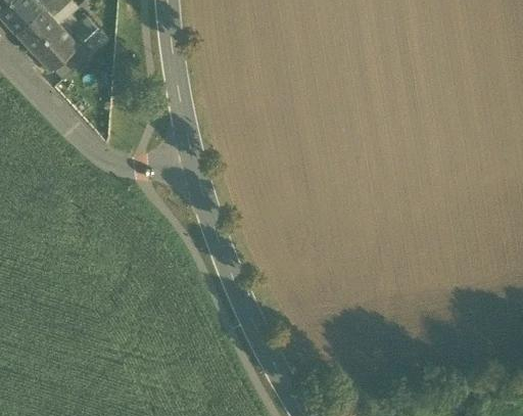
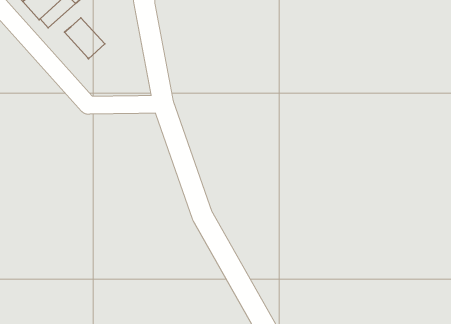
building: none -> [64,18,105,59]

